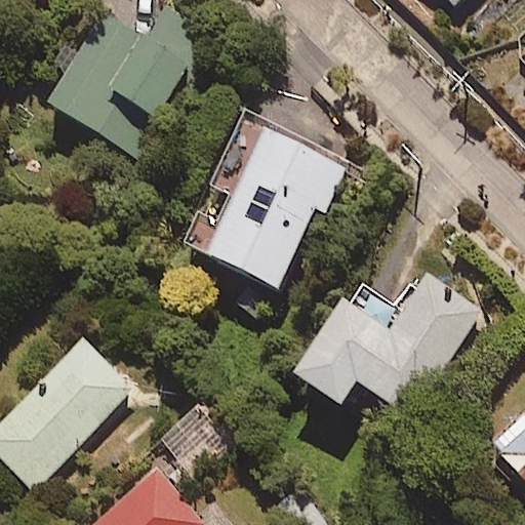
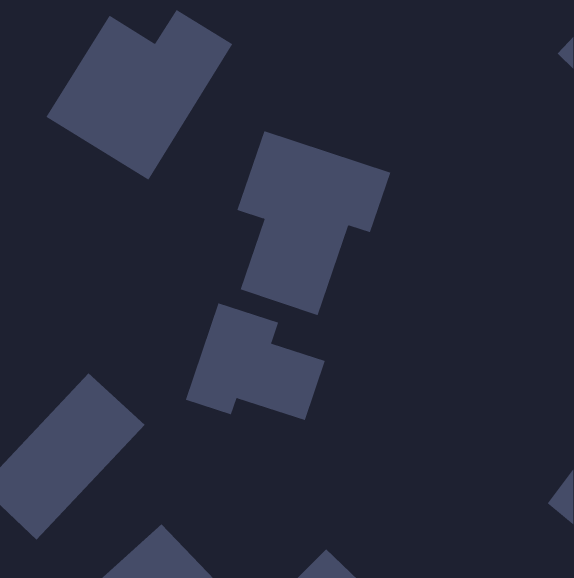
building: [300,269,479,412] -> none
building: none -> [185,302,325,421]

